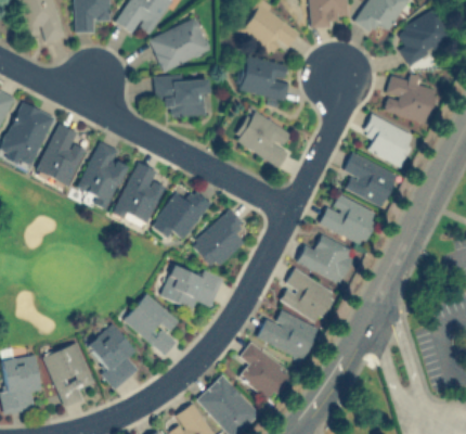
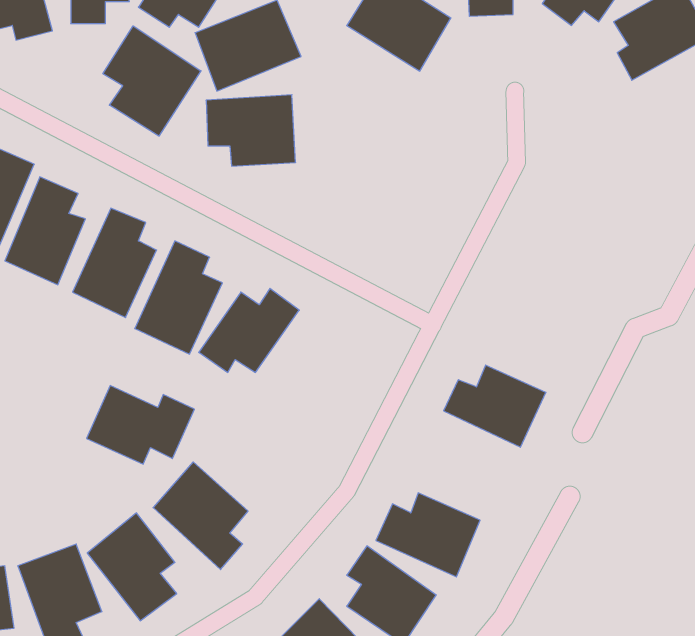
building: none -> [103,26,201,136]
building: [236,55,289,102] -> none
building: [381,74,438,124] -> none
building: [233,110,295,166] -> none
building: [363,115,415,167] -> none
building: [342,152,398,207] -> none
building: [319,193,379,245] -> none
building: [192,208,244,270] -> none
building: [159,265,223,311] -> [87,386,194,464]
building: [276,269,336,324] -> none

